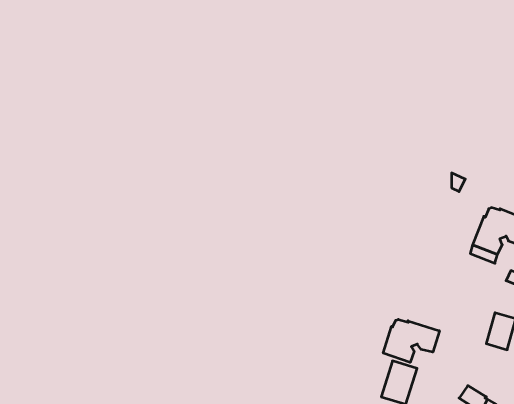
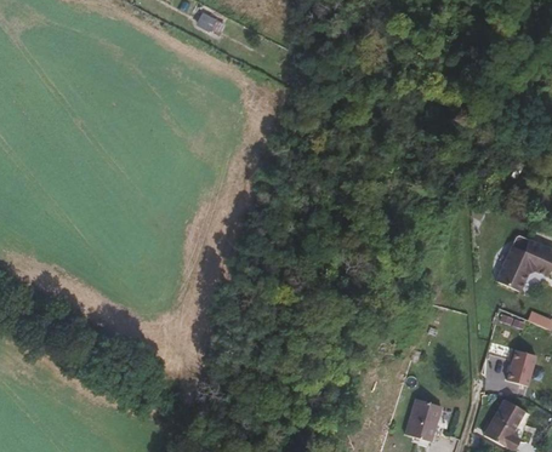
building: [383,319,439,362] -> none
building: none -> [490,399,522,433]

